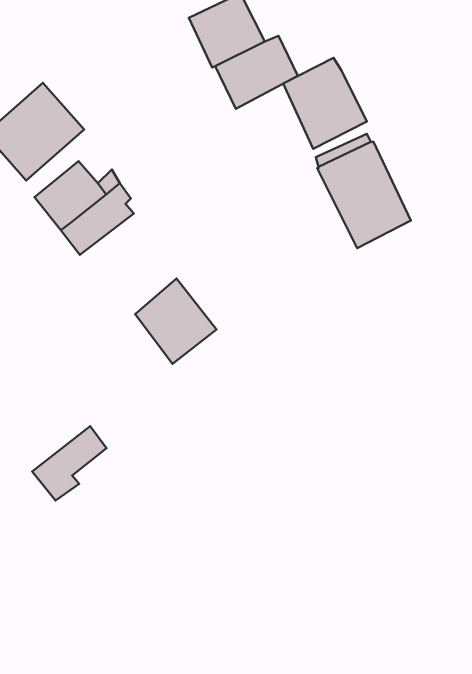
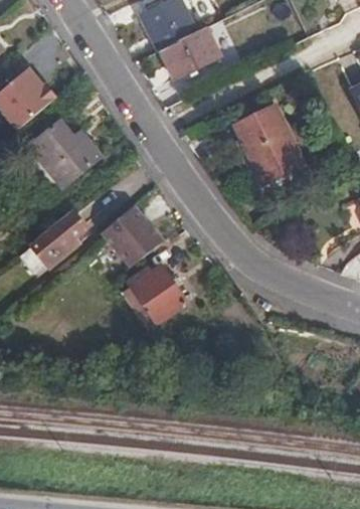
building: [283,58,367,149] -> none
building: none -> [123,267,187,330]
building: [32,426,107,500] -> [29,213,83,268]

